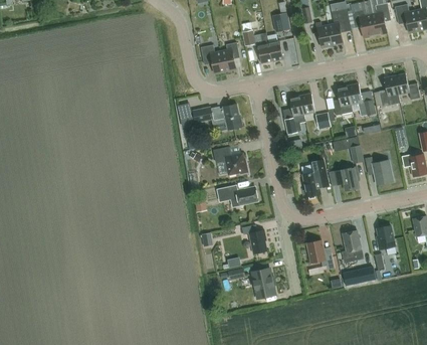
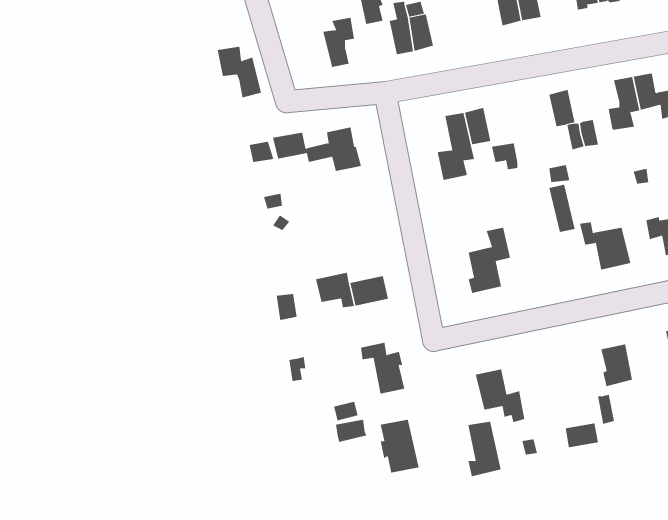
building: [200,44,225,73] -> [217,46,262,98]
building: [333,85,352,115] -> none
building: [213,147,247,175] -> none
building: [333,166,359,190] -> none
building: [343,230,362,262] -> [468,421,502,477]

